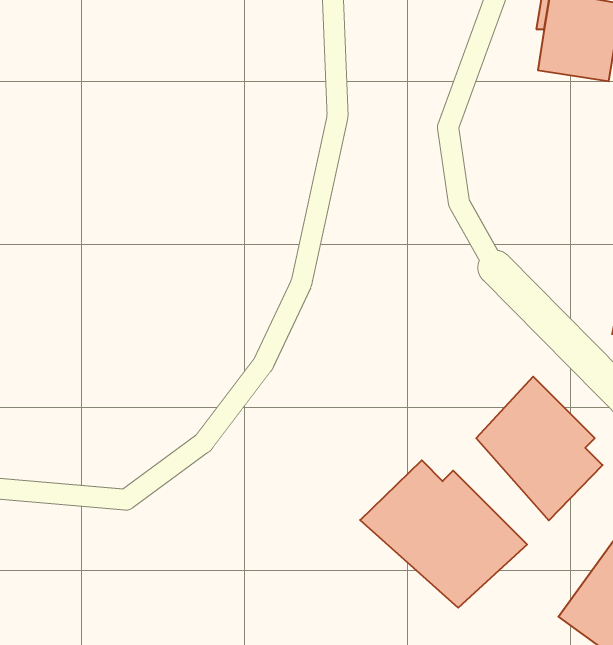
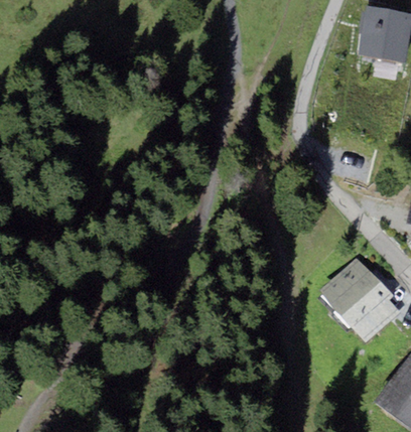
building: [360,460,527,608] -> none

